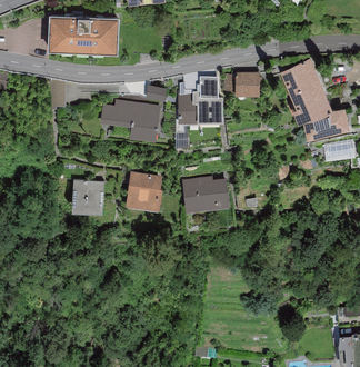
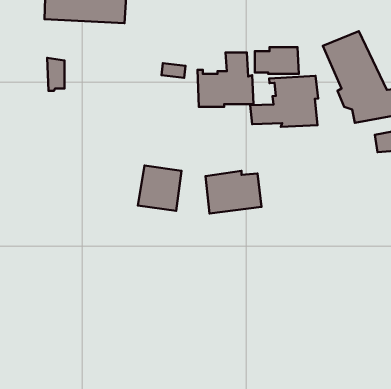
building: none -> [250,76,318,127]
building: [100,102,160,143] -> none
building: [71,180,104,211] -> none

